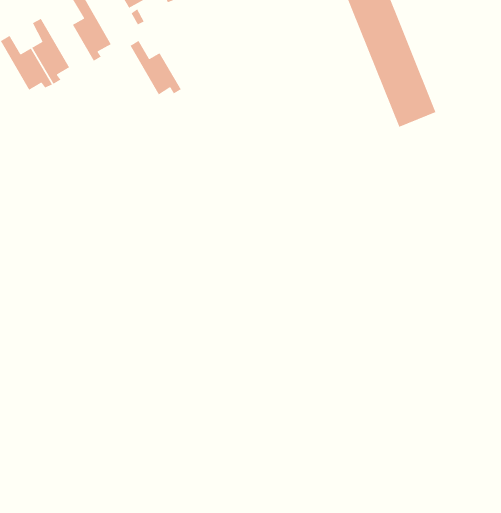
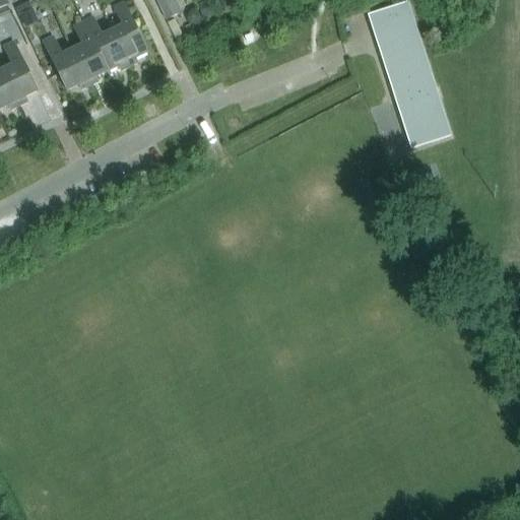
building: [129,40,182,95] -> [82,14,129,68]

